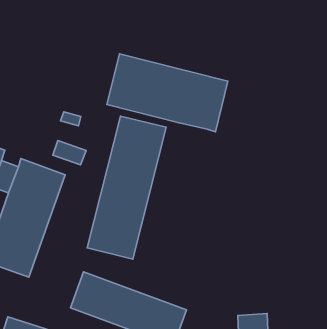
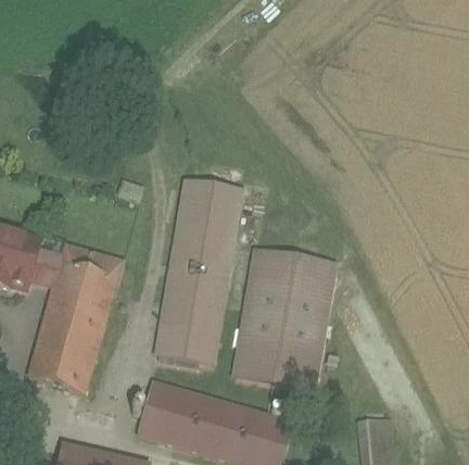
building: [107,54,228,132] -> none
building: [53,140,86,165] -> none
building: none -> [231,250,332,389]

